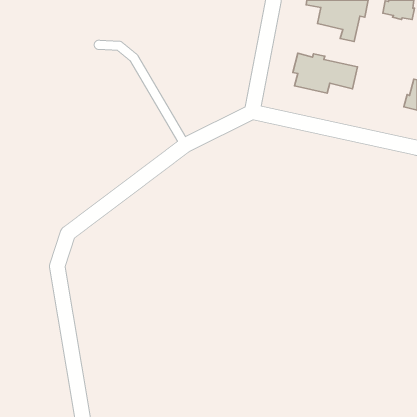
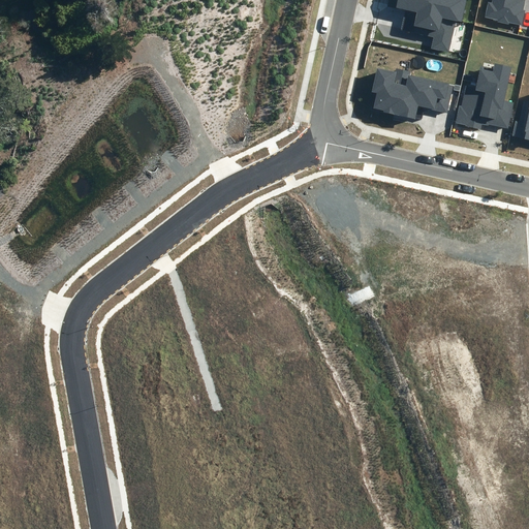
building: none -> [456,63,515,129]

